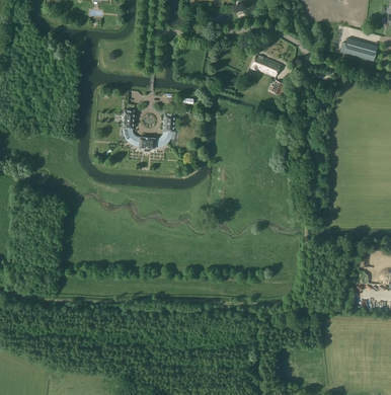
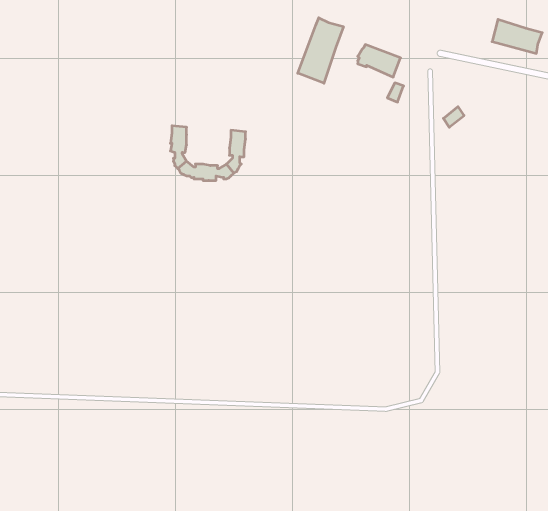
building: none -> [298,18,343,83]

